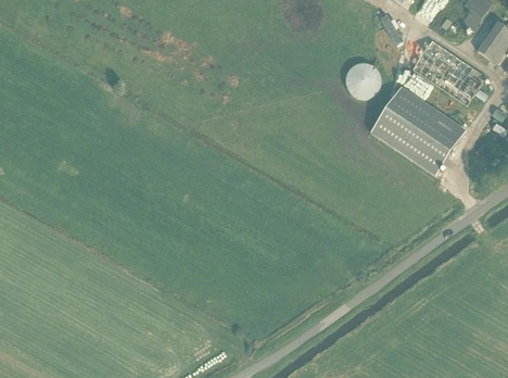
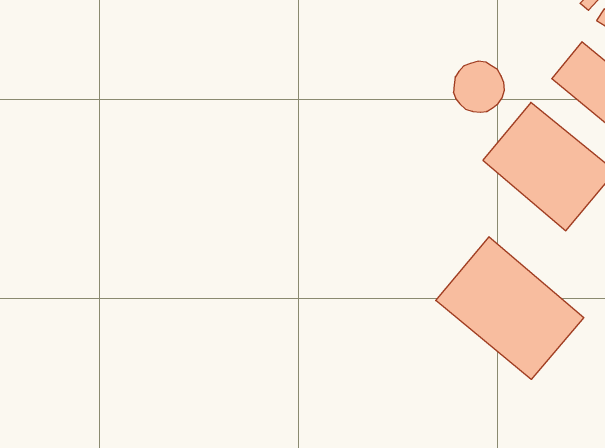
building: none -> [436,237,584,379]

